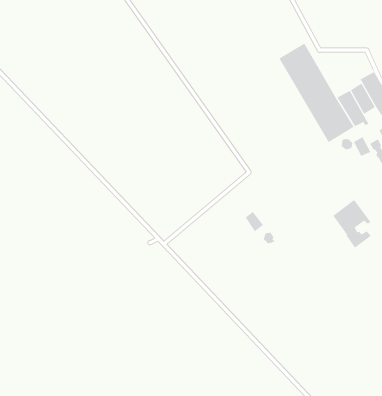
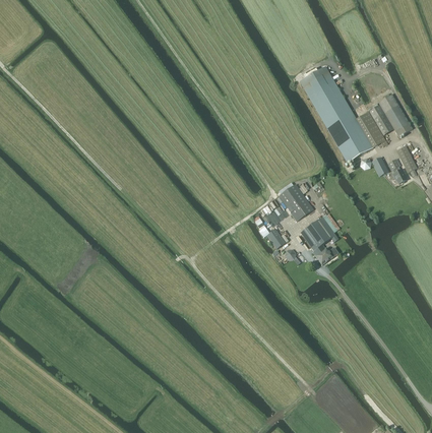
building: none -> [279,183,313,220]
building: [333,199,371,249] -> [300,215,337,263]

